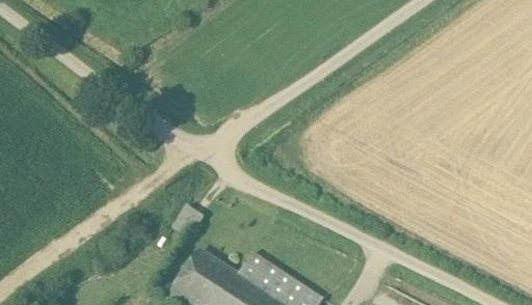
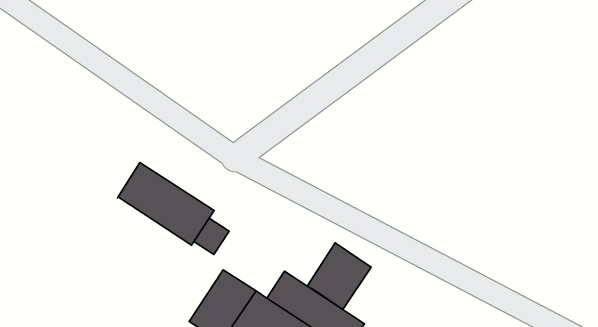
building: none -> [117,162,214,245]
building: none -> [307,243,371,309]

